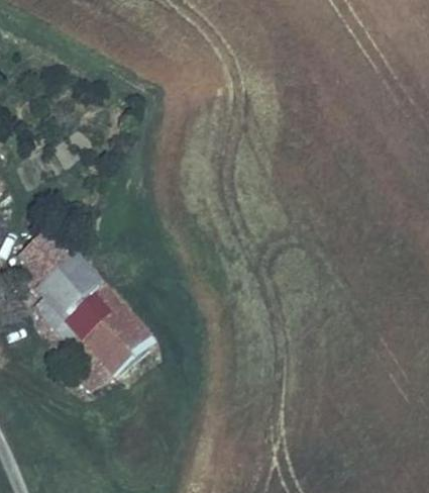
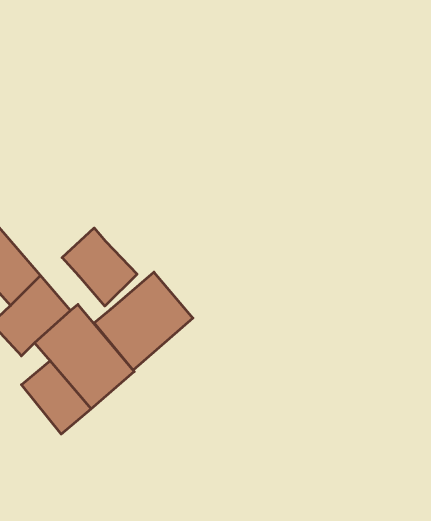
building: none -> [62,228,137,306]
building: none -> [94,272,193,370]

